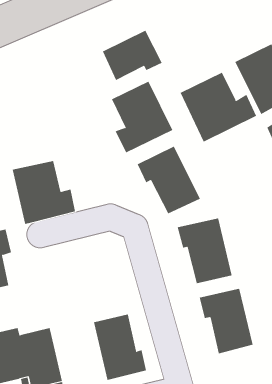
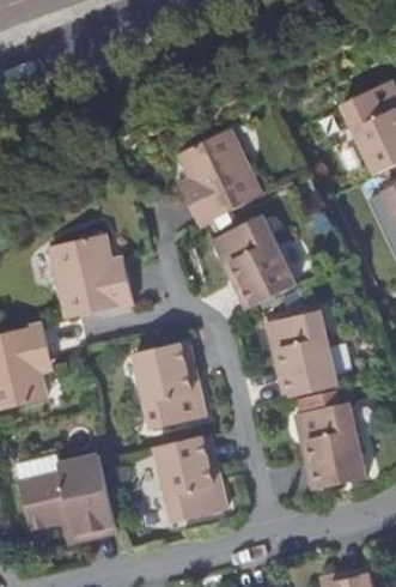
building: [102,30,163,81] -> none
building: [180,72,257,143] -> none
building: none -> [132,343,203,429]

